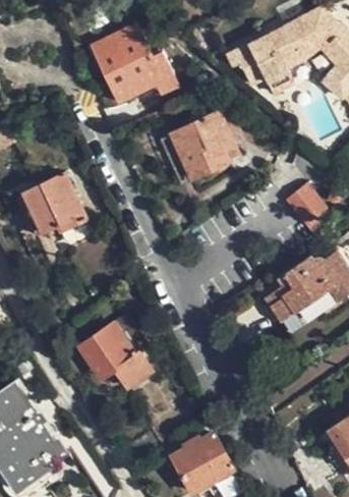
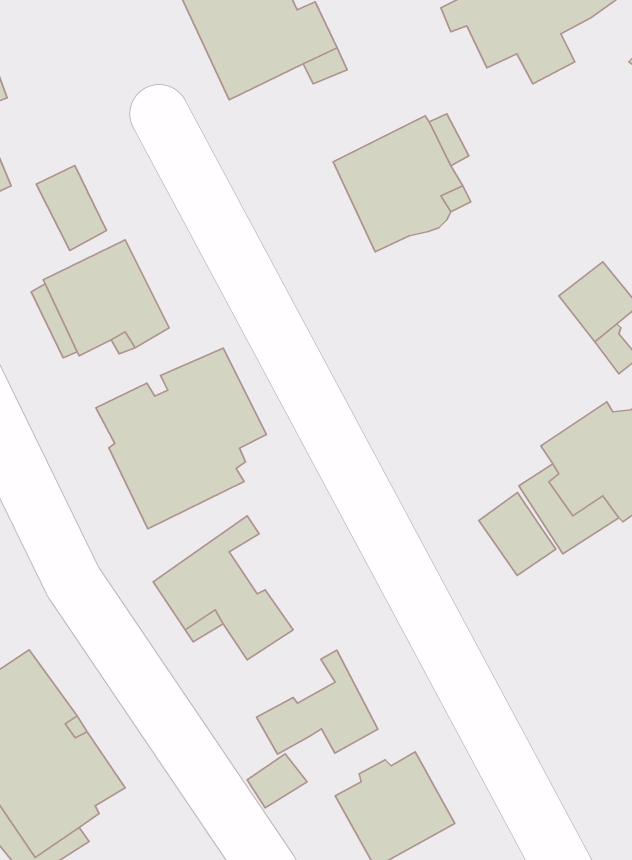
building: none -> [36,165,106,251]
building: none -> [96,348,267,529]
building: none -> [479,493,556,575]
building: none -> [257,650,378,754]

